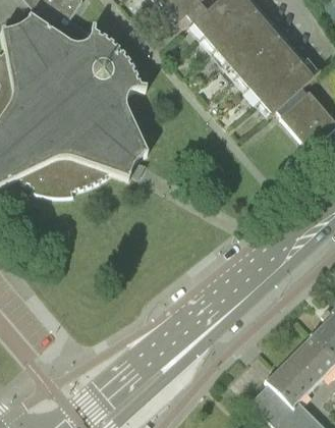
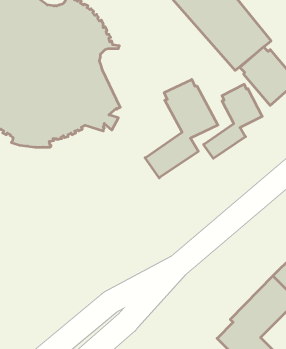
building: none -> [145,79,218,178]
building: none -> [204,84,262,158]

